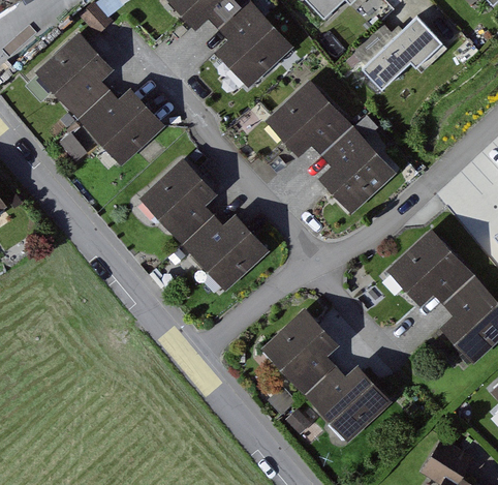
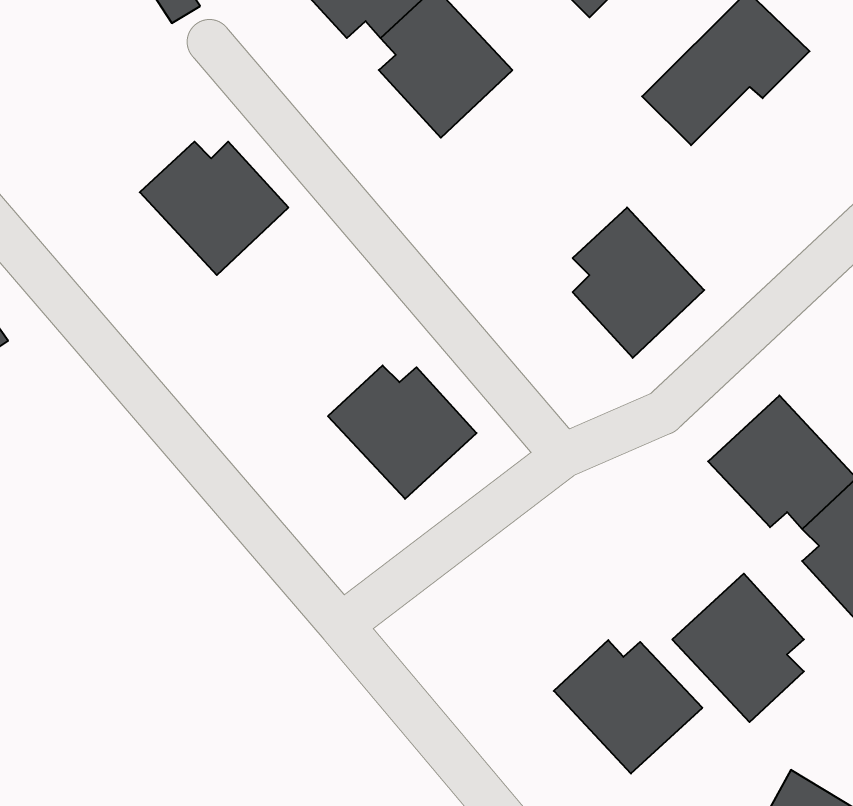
building: [38,36,112,119] -> none
building: [267,82,348,155] -> none
building: [142,160,215,242] -> none
building: [266,311,338,393] -> [672,574,804,722]

